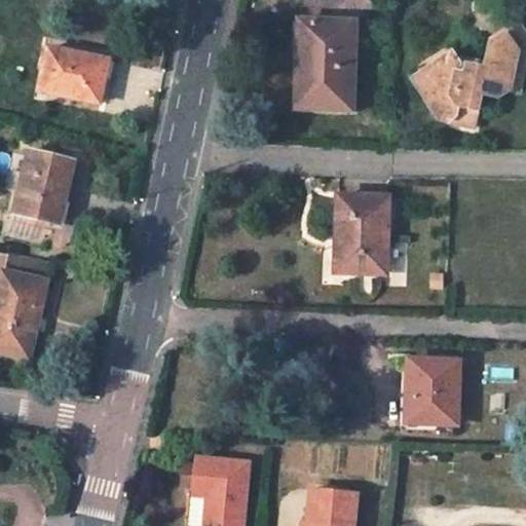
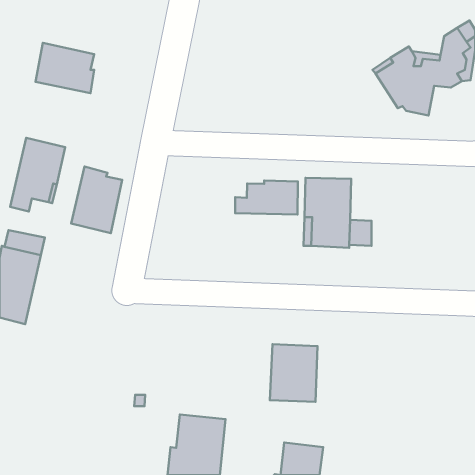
building: [296,20,354,109] -> none
building: none -> [71,167,122,233]
building: none -> [235,181,298,214]
building: [406,360,458,423] -> [270,344,317,402]

